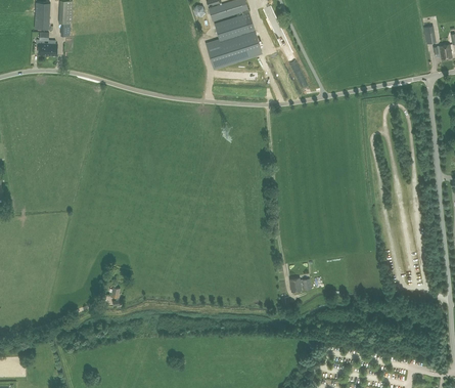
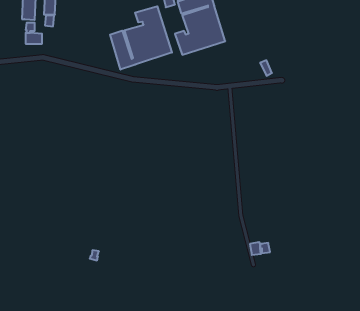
building: none -> [110,6,172,70]

